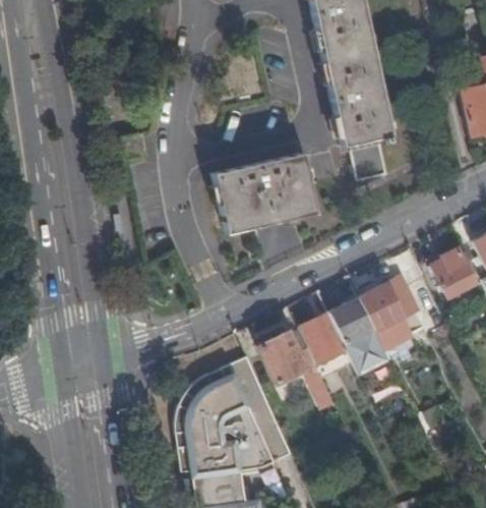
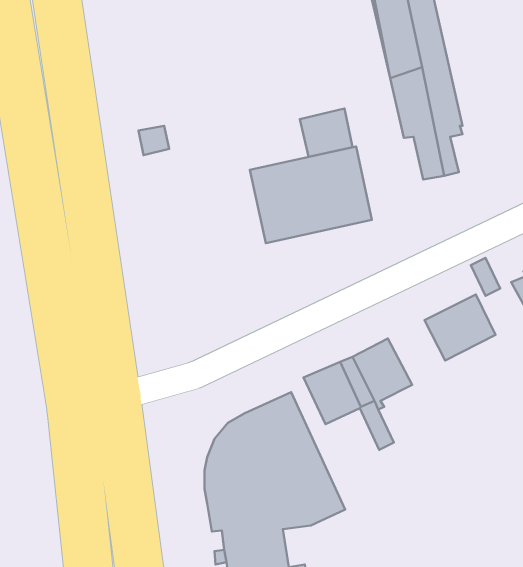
building: none -> [300,108,352,157]
building: [330,296,392,375] -> none

